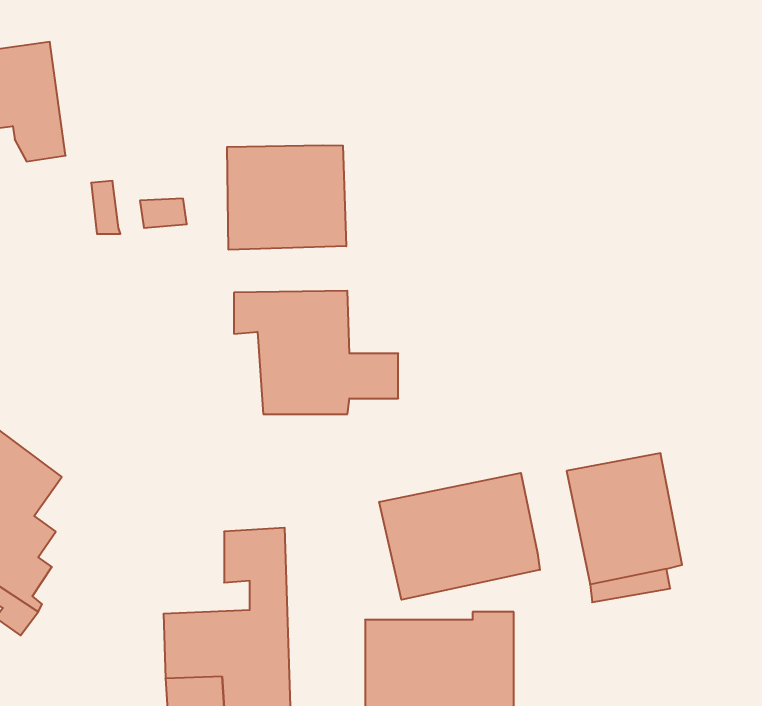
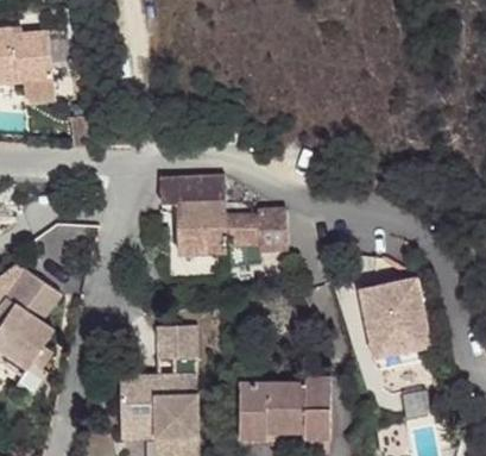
building: [227,145,346,250] -> none
building: none -> [259,210,289,251]
building: [379,473,540,600] -> none

